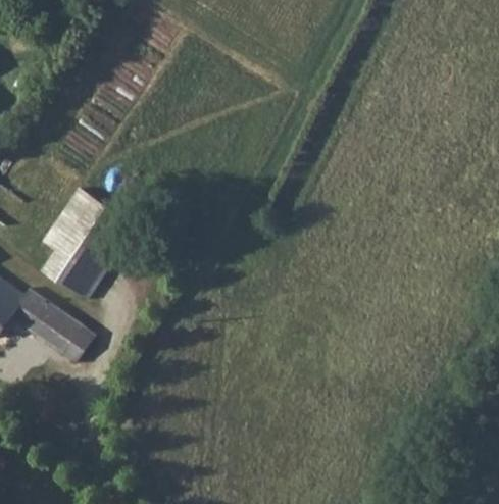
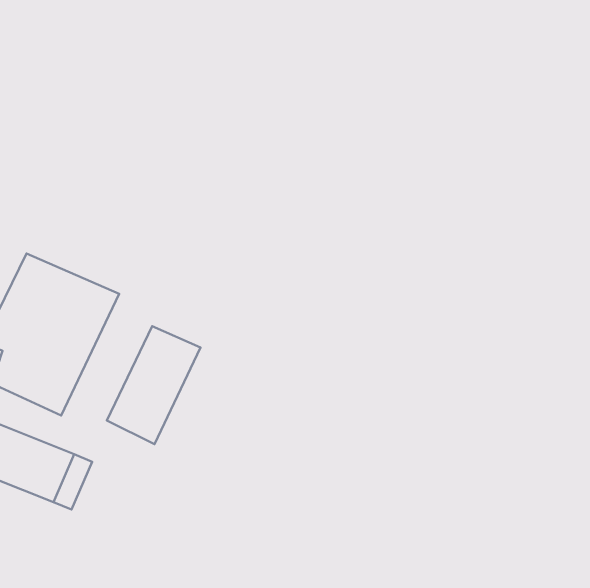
building: none -> [107,326,200,444]

